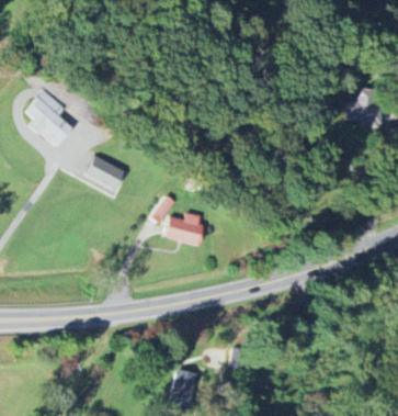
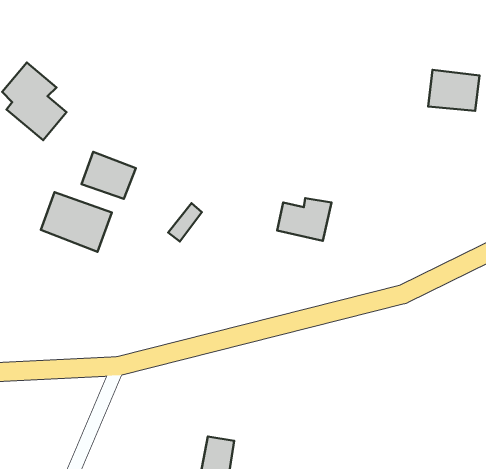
building: none -> [41,192,112,252]
building: [164,212,205,244] -> [277,198,332,241]

